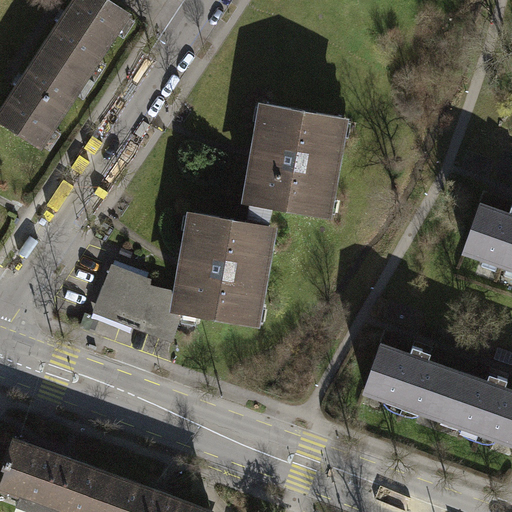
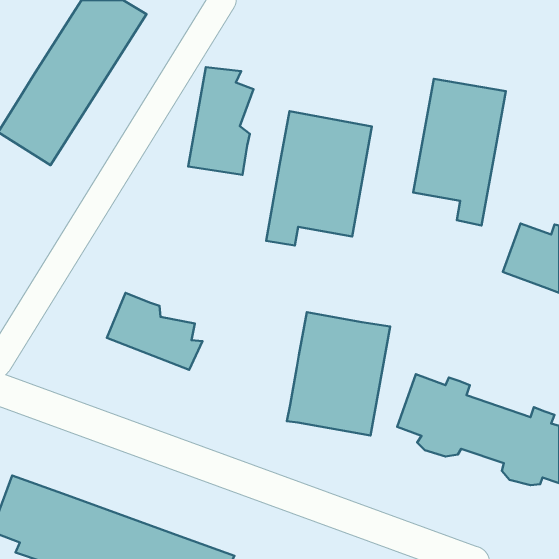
building: none -> [188,67,254,175]
building: none -> [413,79,506,225]
building: [174,213,268,325] -> [287,312,390,436]

